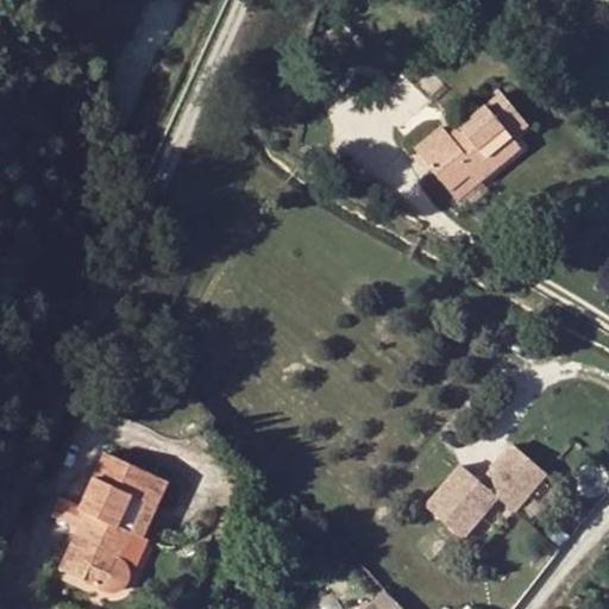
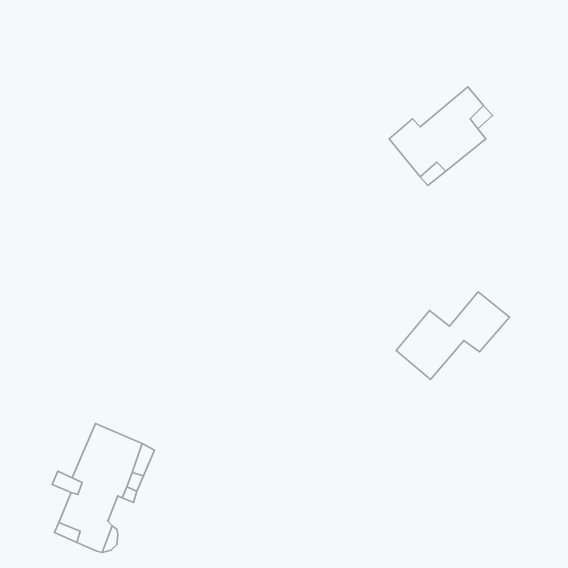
building: [425,445,546,539] -> [396,292,509,380]

